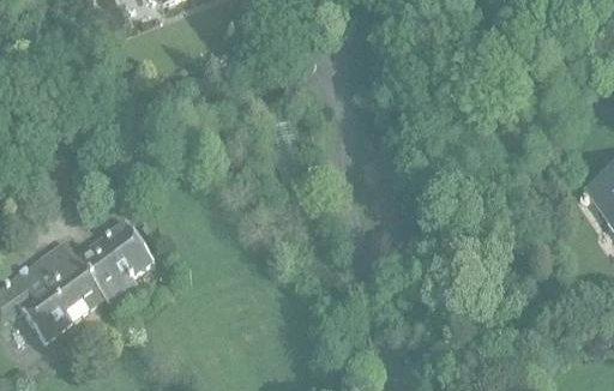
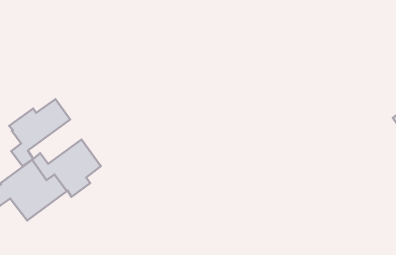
building: none -> [9,99,70,166]

